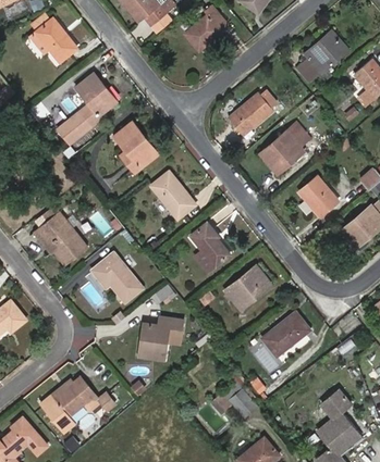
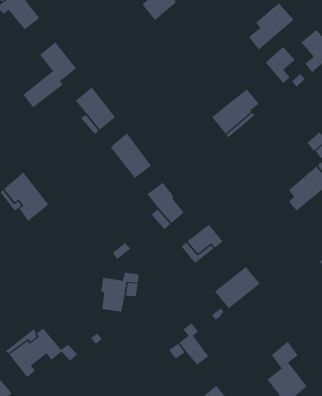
building: none -> [265,46,296,84]
building: [228,92,273,136] -> none
building: [297,176,338,217] -> none
building: [91,251,143,302] -> none

